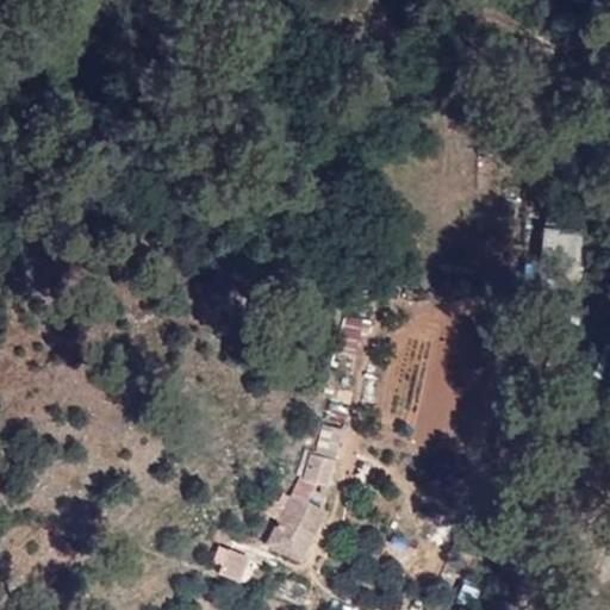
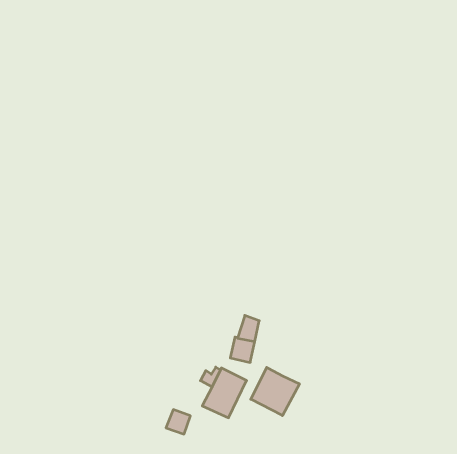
building: none -> [251,367,299,416]

